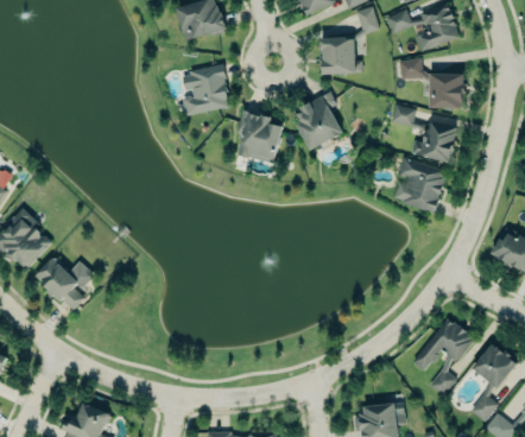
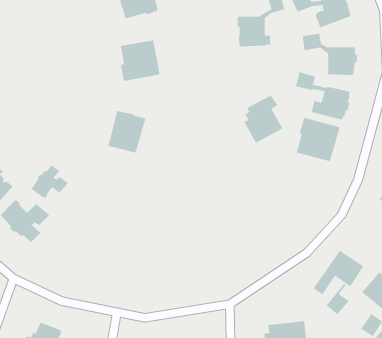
building: [296,91,343,150] -> [244,95,283,143]
building: [238,112,284,163] -> [108,111,146,153]
building: none -> [31,165,69,199]

